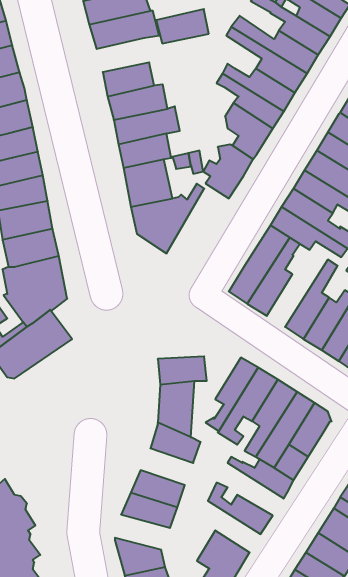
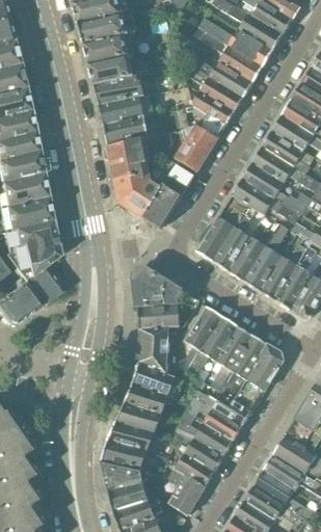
building: [156,9,209,43] -> [84,34,129,63]
building: none -> [143,162,194,225]
building: none -> [229,220,280,280]
building: none -> [133,268,199,308]
building: none -> [122,382,166,414]
building: none -> [186,395,243,440]
building: none -> [171,427,223,471]
building: none -> [100,438,146,469]

